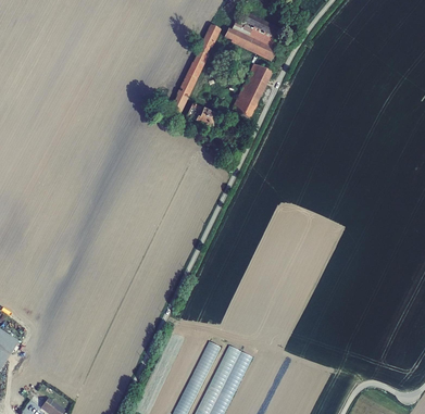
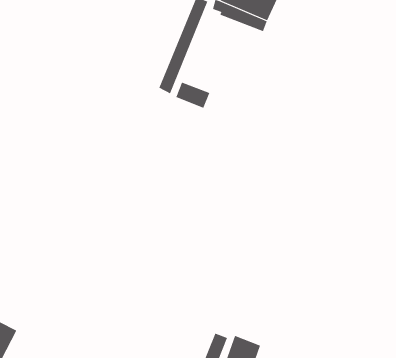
building: [230,63,272,118] -> none

